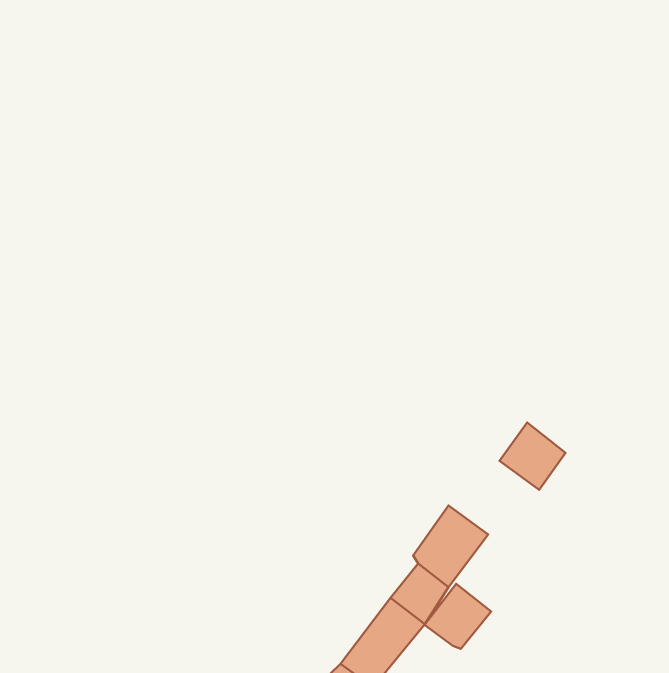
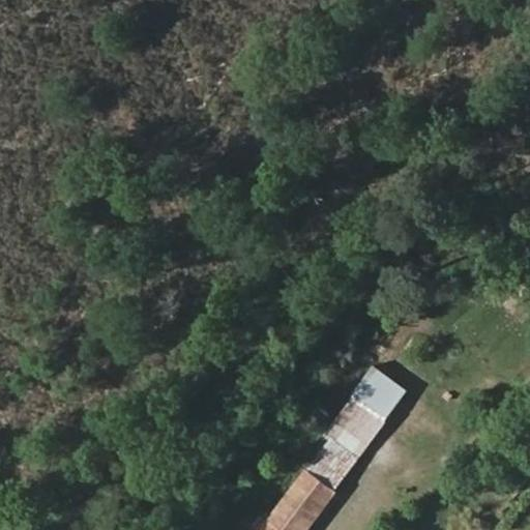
building: [500,422,566,490] -> [352,367,404,420]
building: [424,584,491,649] -> none

